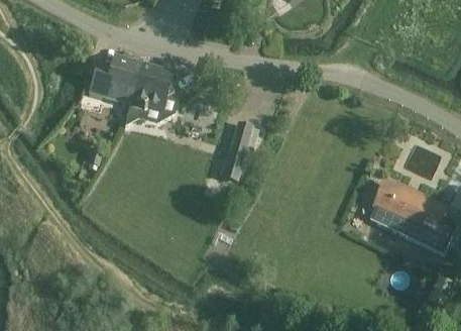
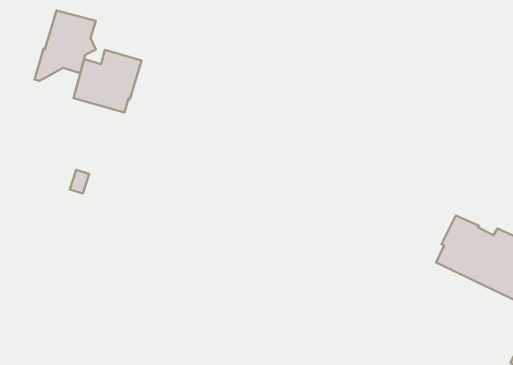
building: [126,62,174,116] -> [34,11,96,81]
building: [223,122,259,180] -> none

